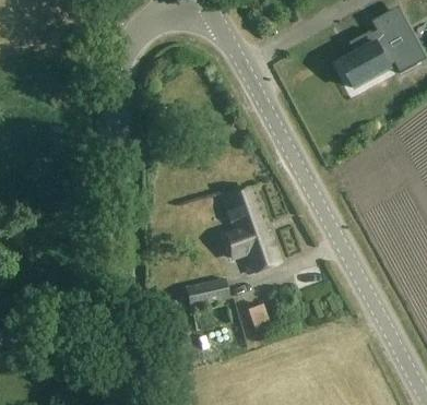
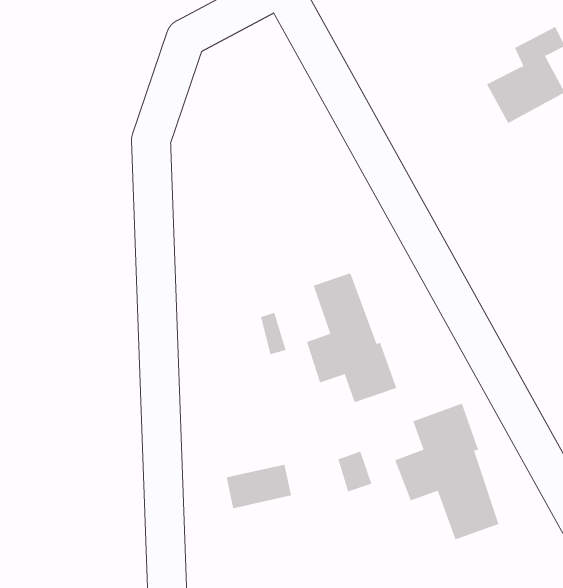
building: none -> [394,403,499,540]
building: [186,276,229,306] -> [226,464,292,509]

